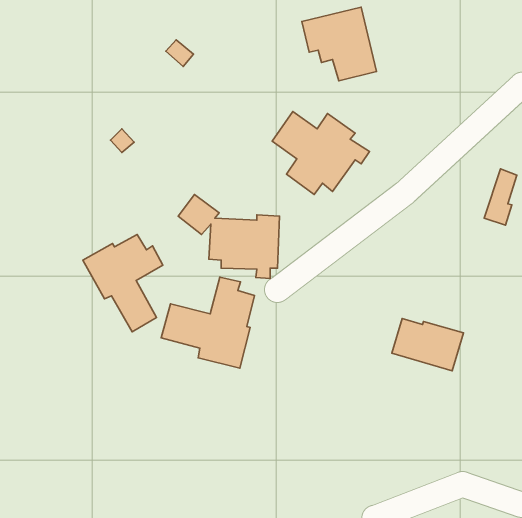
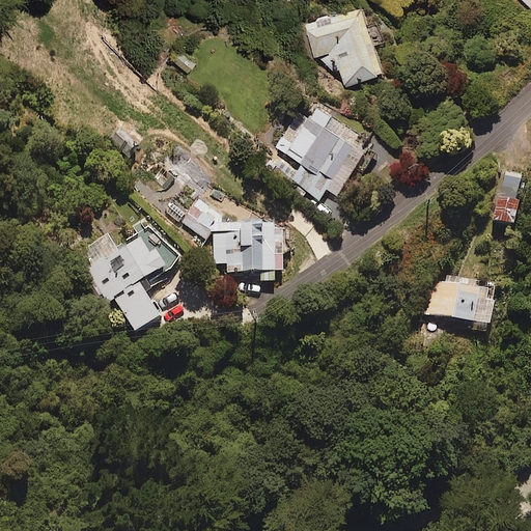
building: [161,277,254,368] -> none
building: [392,318,463,371] -> [426,276,499,329]

